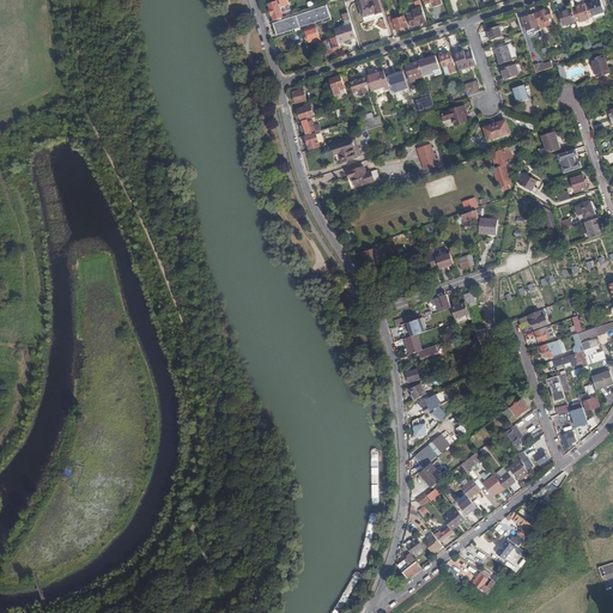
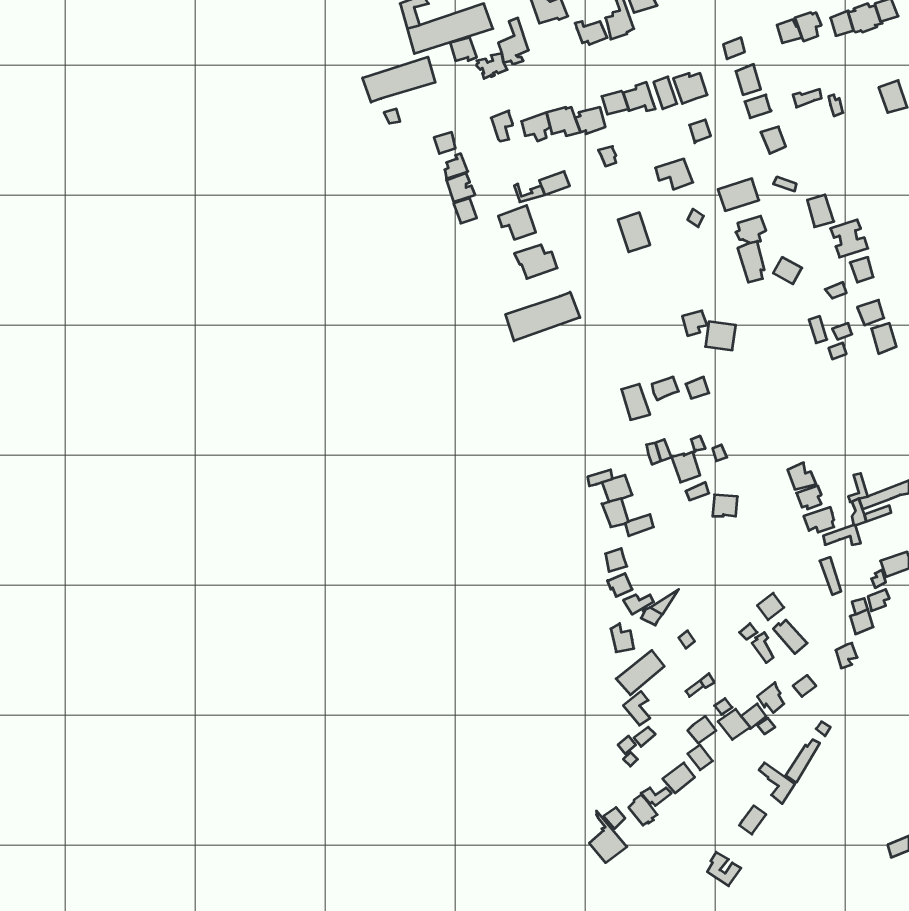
building: none -> [363,57,435,102]
building: none -> [506,292,580,341]

